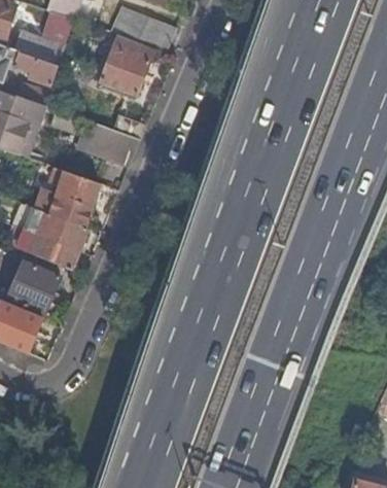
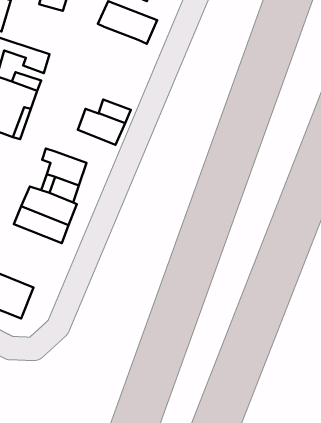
building: [12,10,73,64] -> none
building: [99,34,153,95] -> none
building: [7,260,59,313] -> none

